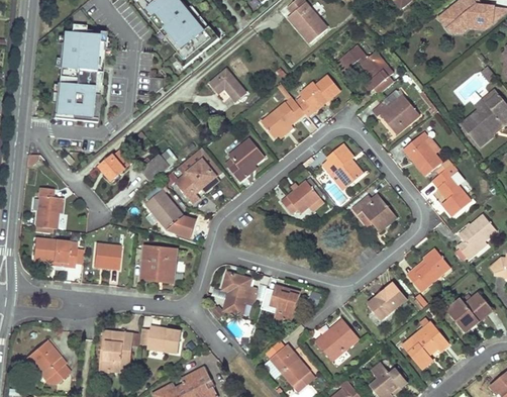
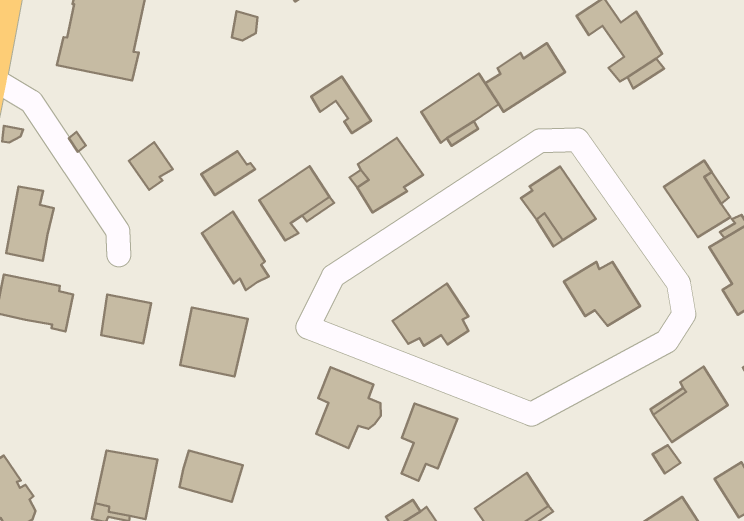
building: [209,69,244,100] -> [311,76,371,133]
building: [371,89,419,130] -> none
building: [281,177,324,213] -> [393,284,469,346]
building: [369,282,407,319] -> none

